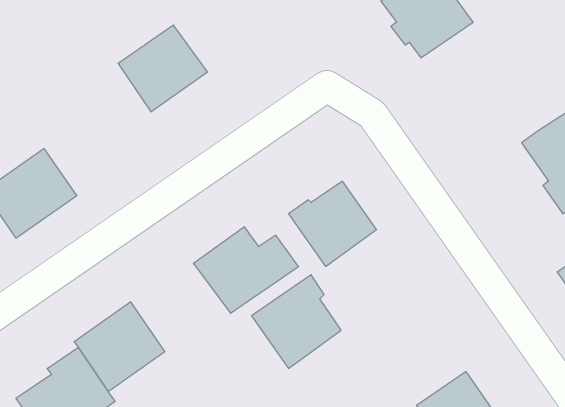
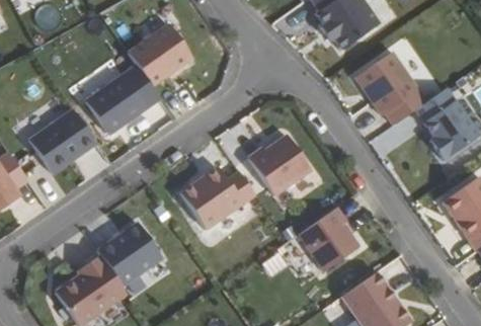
building: none -> [355,51,426,124]
building: none -> [86,77,147,137]
building: [252,275,341,368] -> [293,207,356,273]

